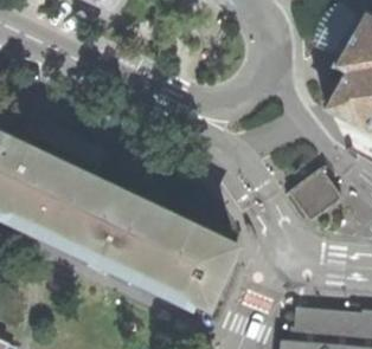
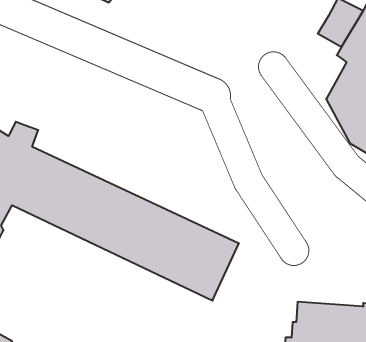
building: [290,172,344,221] -> none

